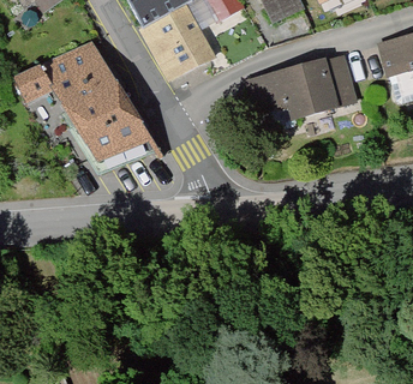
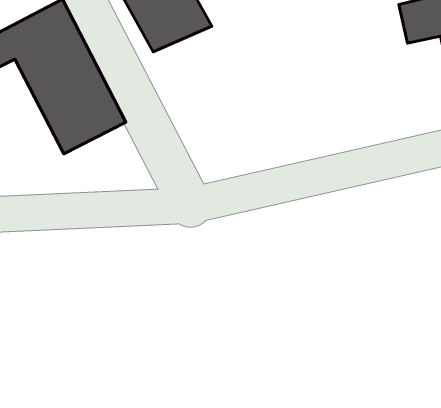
building: [243,52,358,120] -> none

